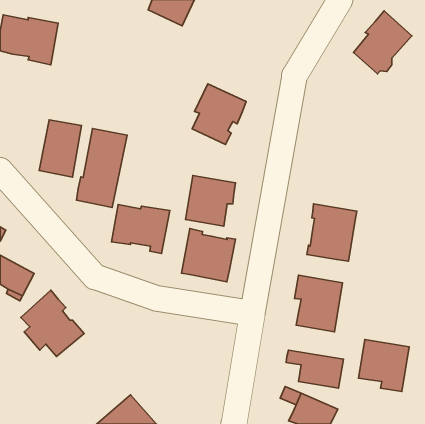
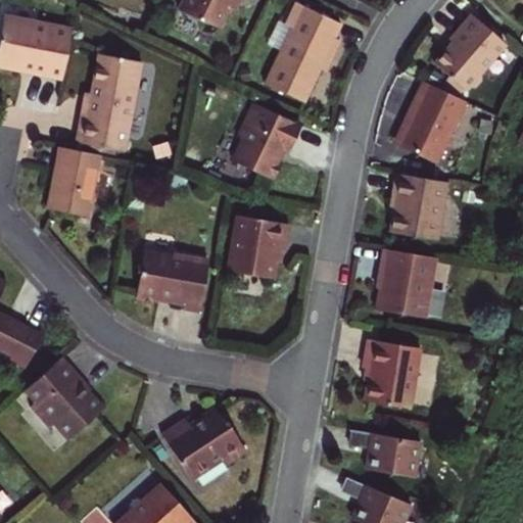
building: none -> [265,4,341,103]
building: none -> [396,81,466,163]
building: [77,129,127,207] -> [78,55,140,152]
building: none -> [392,175,449,241]
building: [181,229,235,282] -> none
building: none -> [161,411,246,479]
building: [358,340,409,391] -> none

